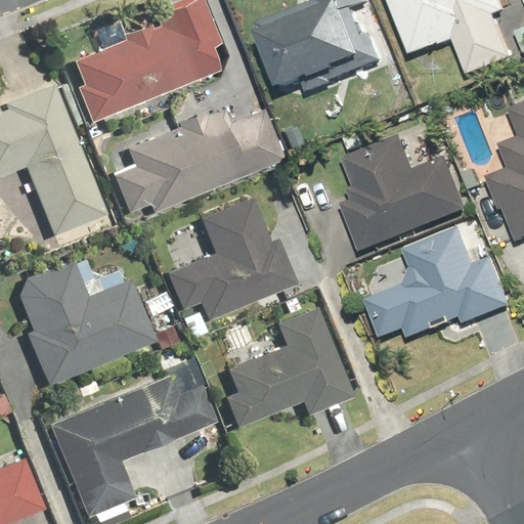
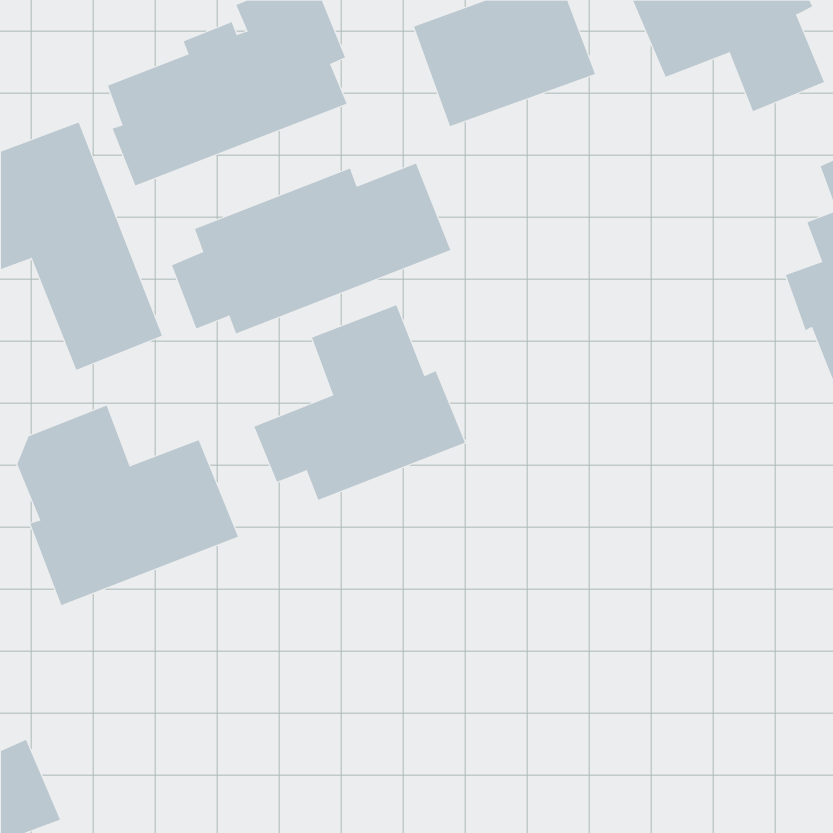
building: [346,133,474,252] -> none
building: [373,228,517,339] -> none
building: [223,307,351,424] -> none
building: [47,374,215,516] -> none

